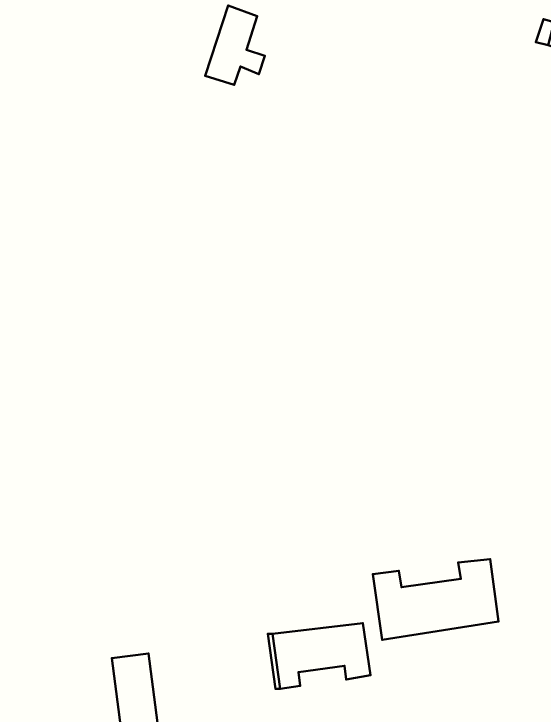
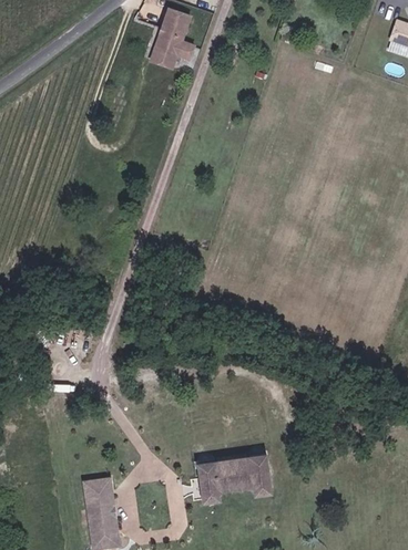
building: [373,559,498,640] -> none

